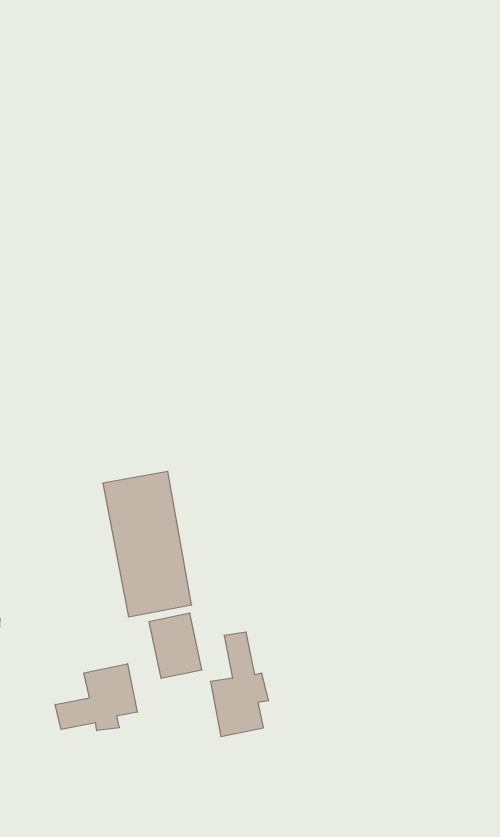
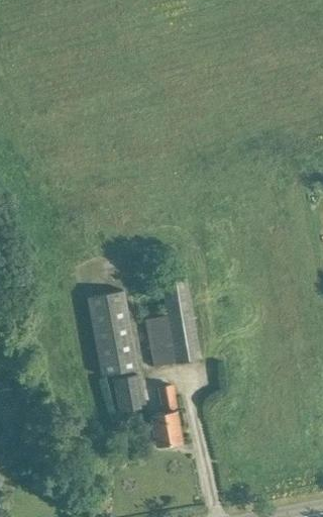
building: none -> [144,280,202,368]
building: [55,664,137,731] -> none

